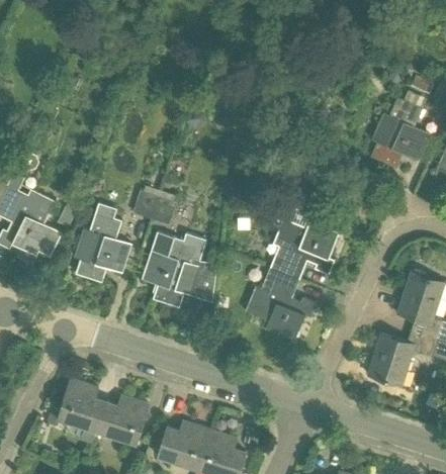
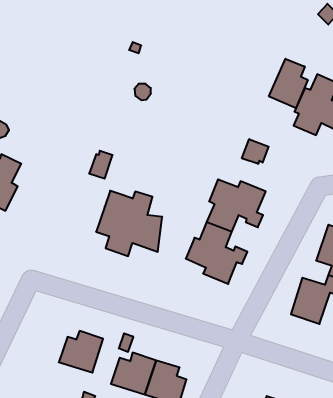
building: none -> [269,59,308,108]
building: none -> [242,139,269,164]
building: [151,191,176,224] -> none
building: [73,203,131,282] -> none
building: [48,379,107,432] -> none

